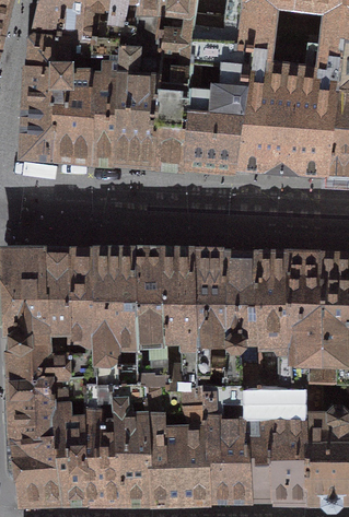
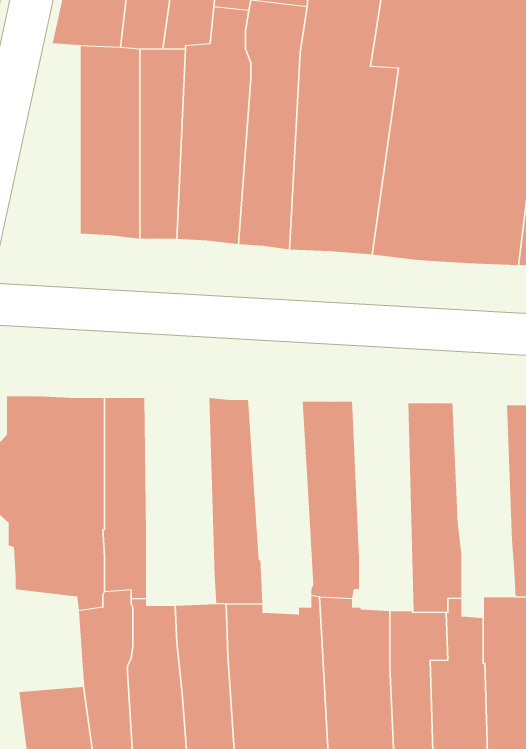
building: [23,38,54,156] -> none
building: [94,258,138,387] -> none
building: [159,259,198,392] -> none
building: [223,260,260,390] -> none
building: [286,261,324,395] -> none
building: [9,377,56,440] -> none

